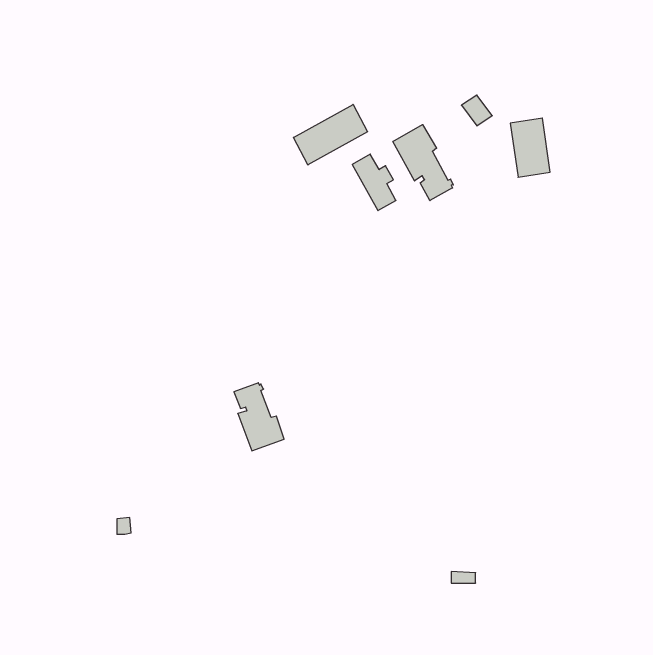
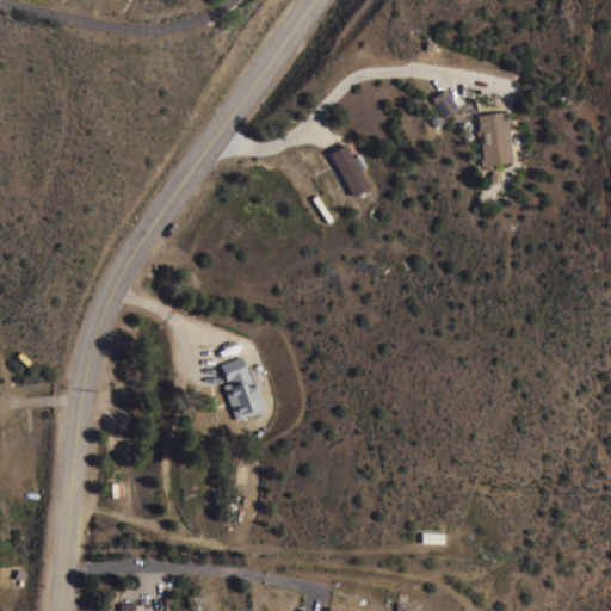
building: [293,104,368,165] -> none
building: [393,125,453,201] -> none

